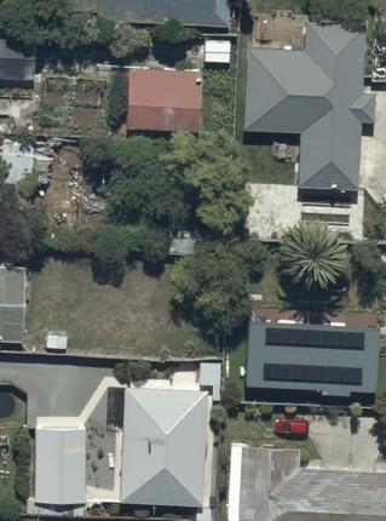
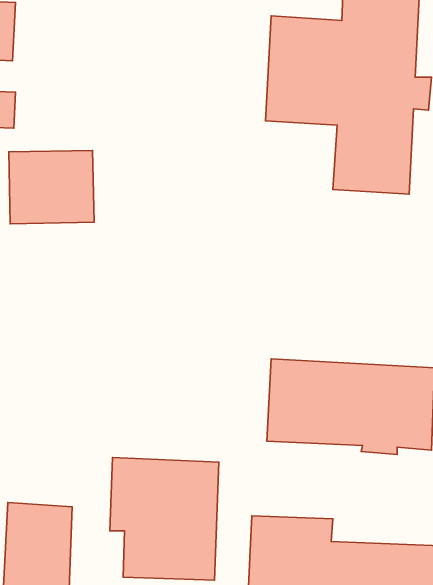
building: [129,71,198,131] -> [9,150,94,224]

